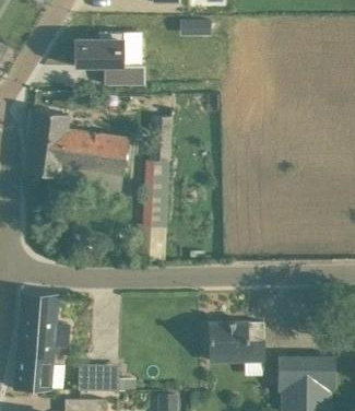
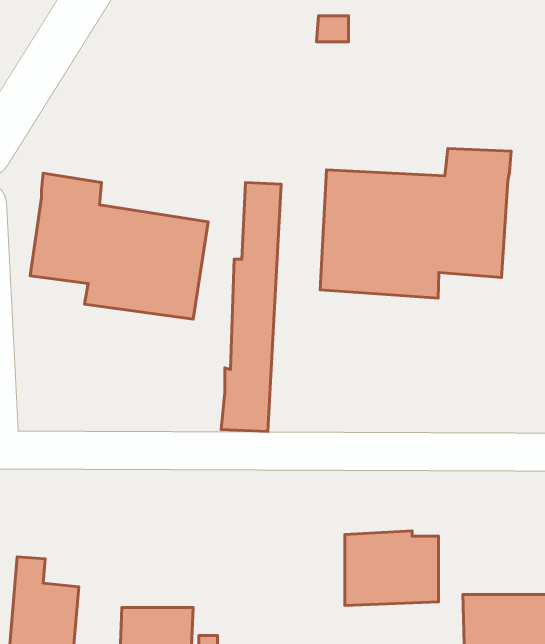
building: [74,32,145,84] -> none
building: none -> [320,148,511,298]
building: [17,293,70,352] -> none

